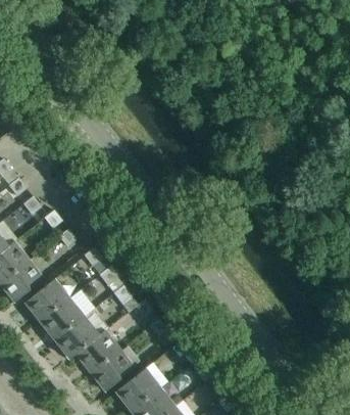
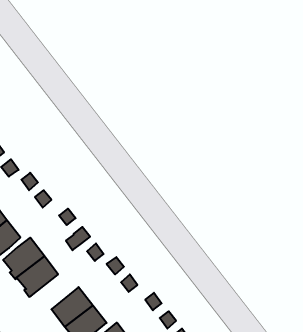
building: [55,317,105,359] -> none

